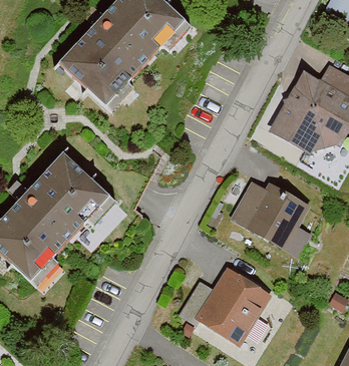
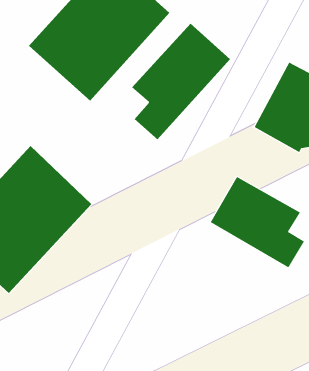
building: none -> [131,23,231,140]
building: [201,271,279,349] -> none

